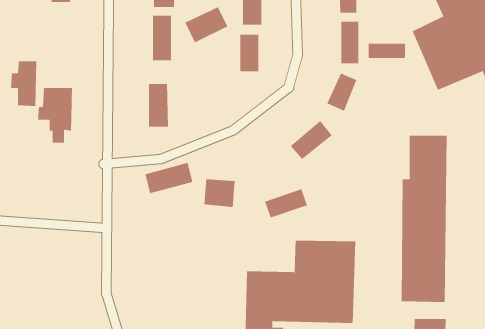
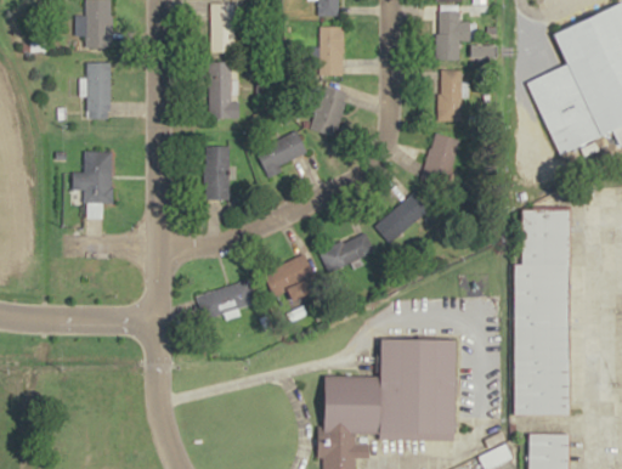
building: [184,7,228,43] -> [255,130,309,175]
building: [368,43,405,59] -> none
building: [10,61,37,106] -> [78,62,111,118]
building: [145,162,193,194] -> [196,281,255,320]
building: [264,189,308,218] -> [321,233,374,270]

